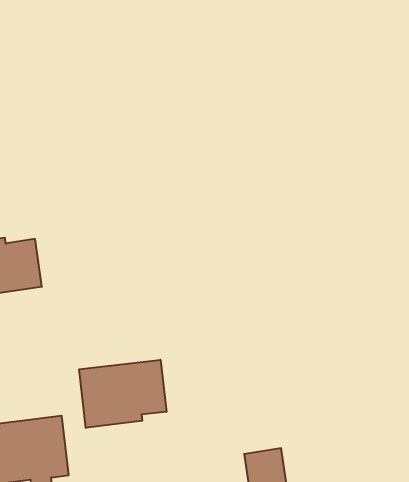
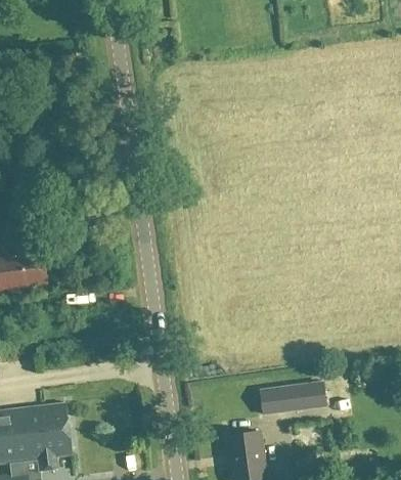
building: [79,360,166,428] -> none
building: none -> [260,382,325,413]

